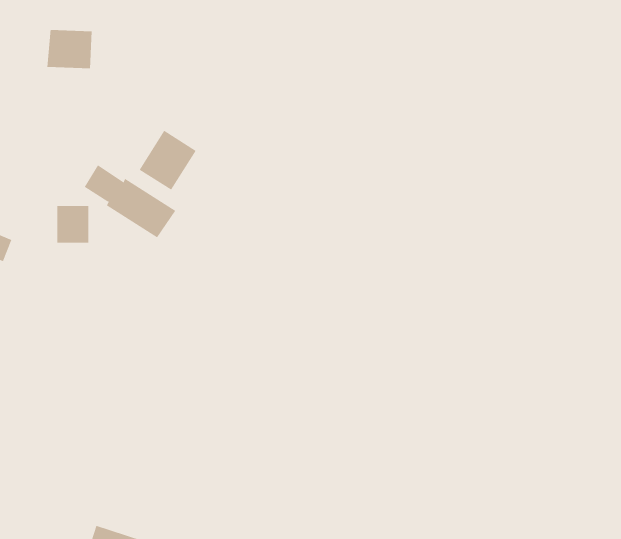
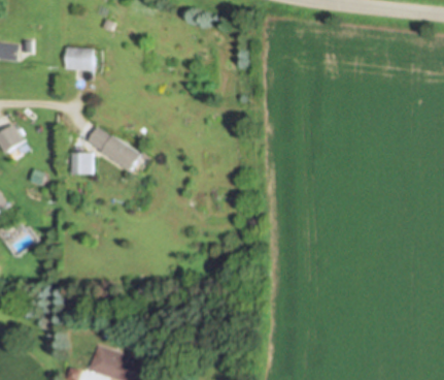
building: [139,130,197,191] -> none

